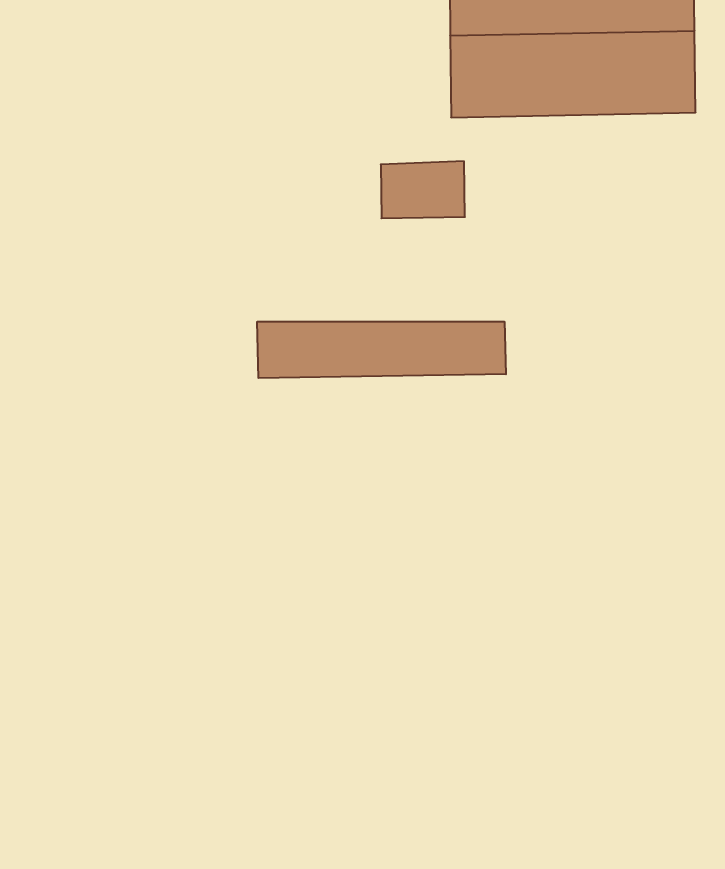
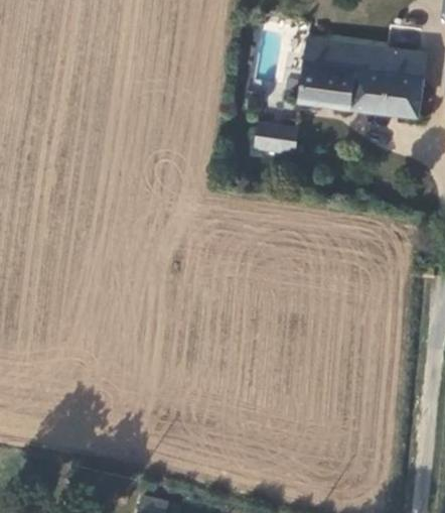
building: [257,322,506,378] -> none

